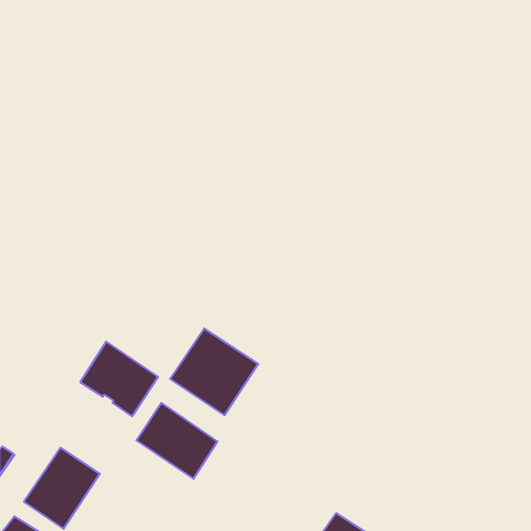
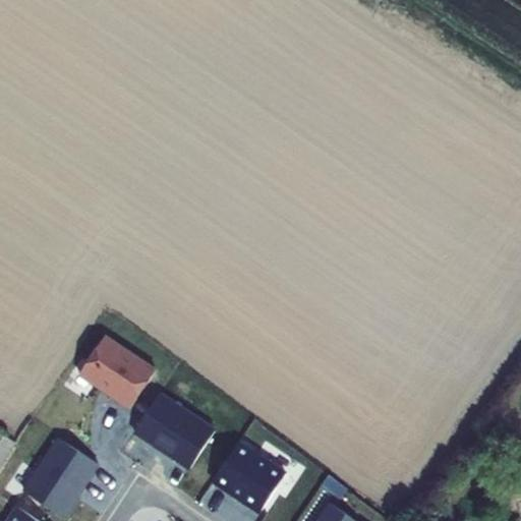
building: [170,328,258,415] -> none
building: none -> [212,443,285,511]

